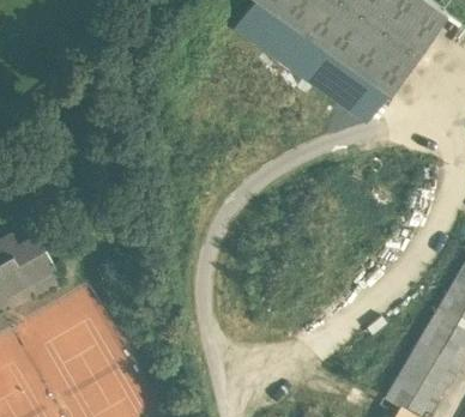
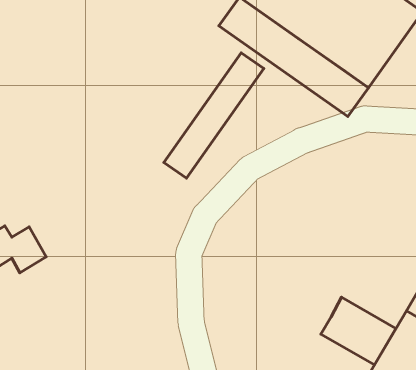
building: none -> [164,53,264,178]
building: none -> [321,297,396,365]

